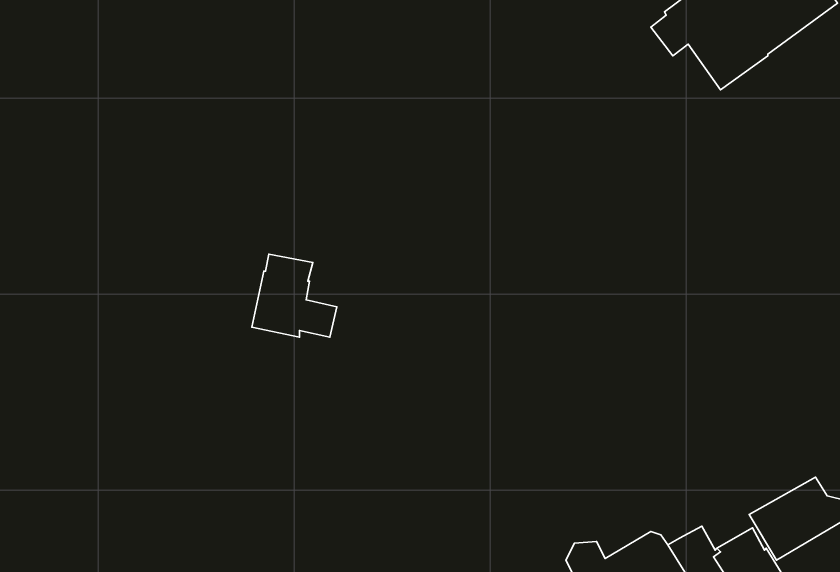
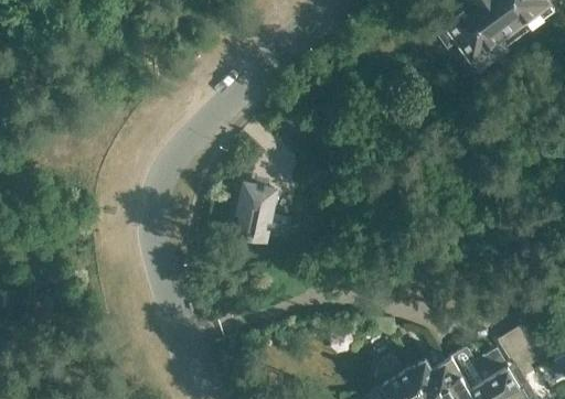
building: [252,254,337,337] -> [231,192,286,246]

